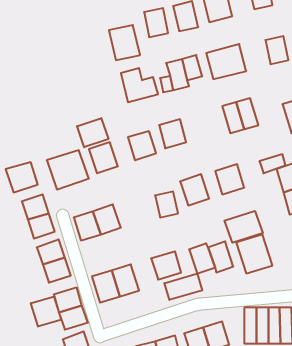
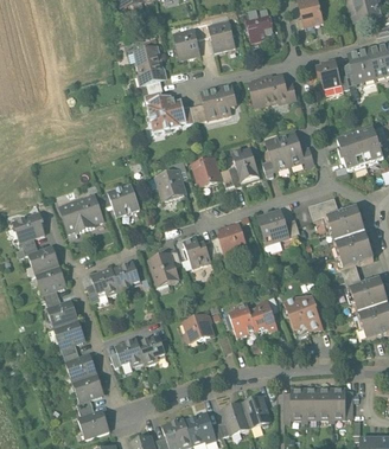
building: none -> [230,145,261,185]
building: [77,118,108,147] -> none
building: none -> [147,252,180,288]
building: [224,211,263,243] -> none
building: [164,273,202,300] -> none
building: [31,296,61,327] -> none

